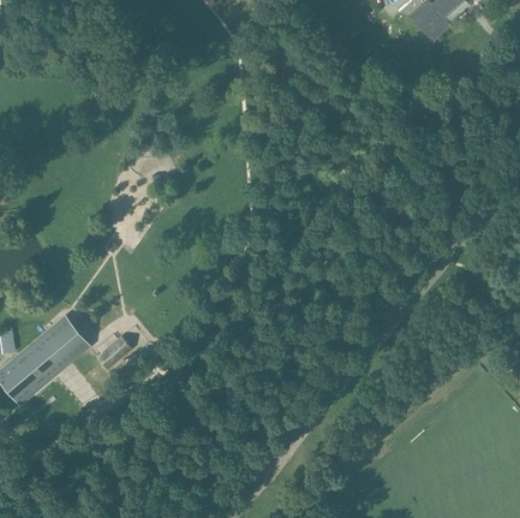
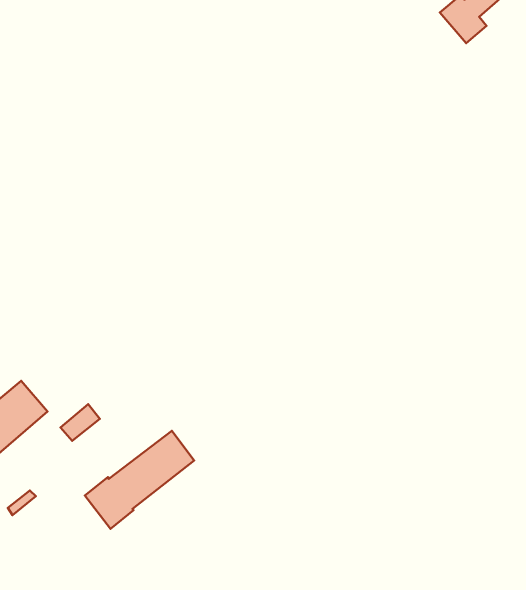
building: none -> [85,431,194,529]

